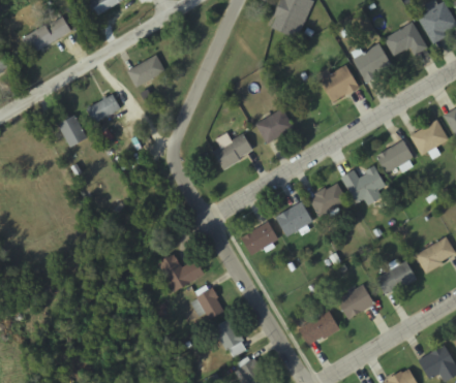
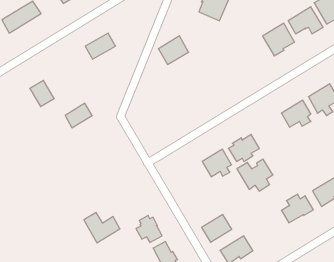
building: [318,64,360,102] -> none
building: [87,93,121,124] -> [65,103,92,128]
building: [255,107,294,143] -> [158,36,189,64]
building: [213,132,253,169] -> none
building: [340,165,386,205] -> [237,159,273,191]
building: [240,221,278,256] -> none
building: [158,253,204,291] -> [84,212,120,243]
building: [336,284,374,319] -> [202,214,232,242]

